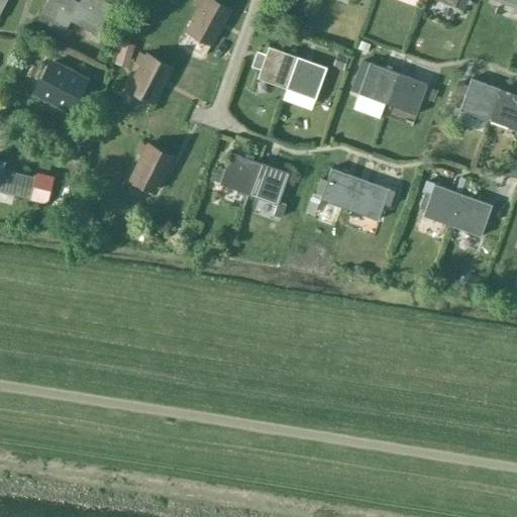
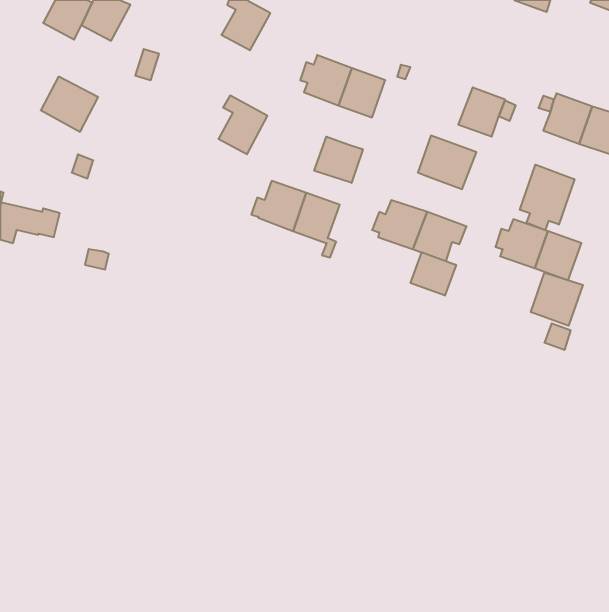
building: [130,51,172,101] -> [218,96,267,154]
building: [351,60,401,105] -> [418,135,476,189]
building: none -> [314,137,363,183]
building: none -> [520,165,574,230]
building: [132,142,173,191] -> none
building: none -> [411,252,456,296]
building: none -> [531,273,583,326]

